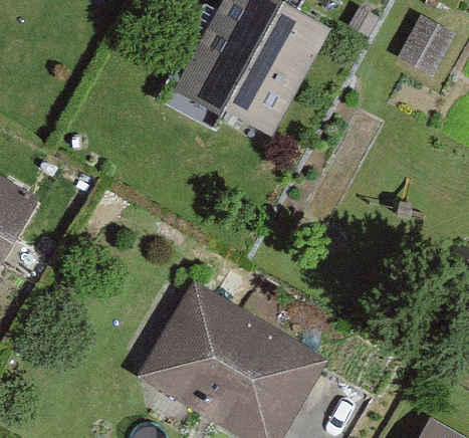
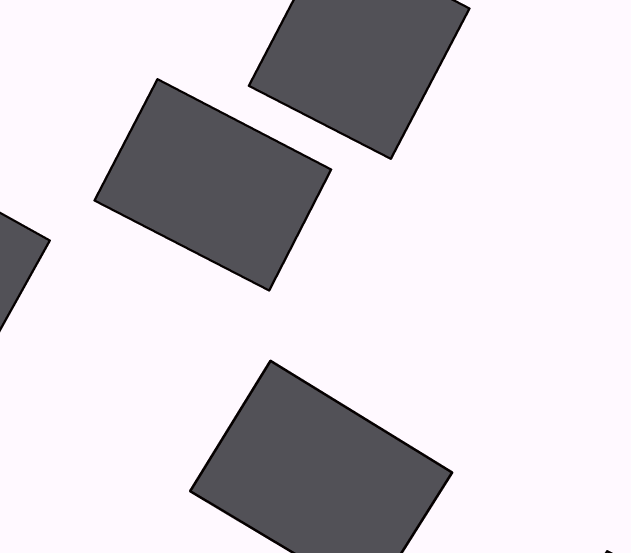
building: none -> [94,79,331,291]

